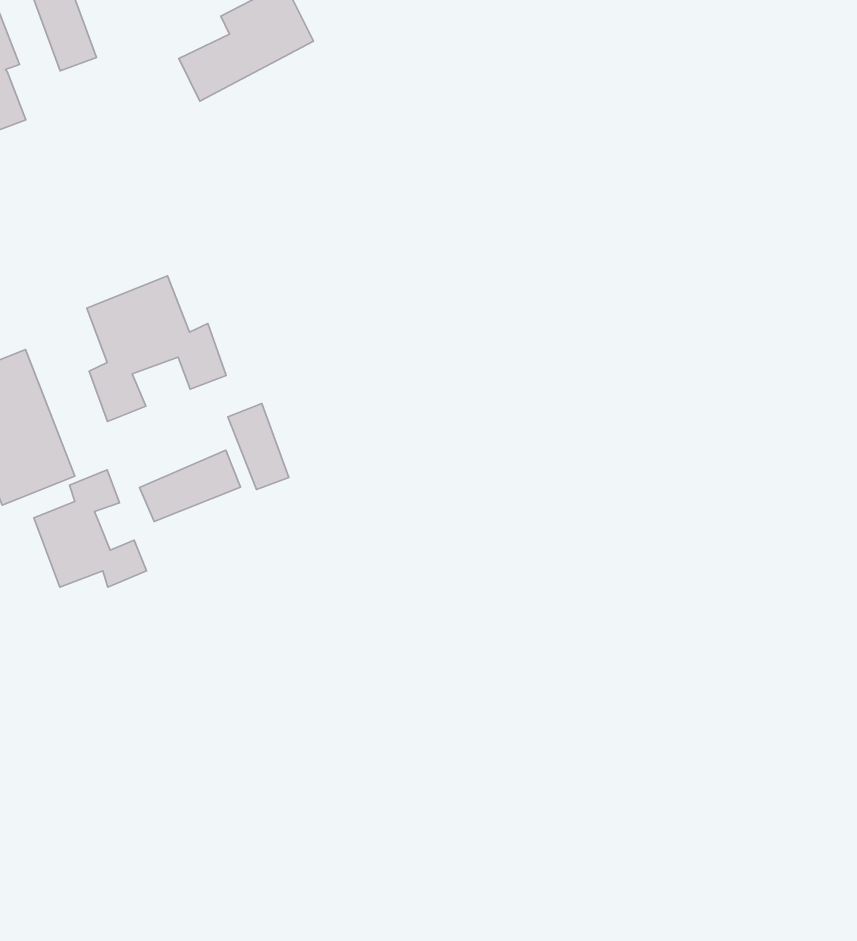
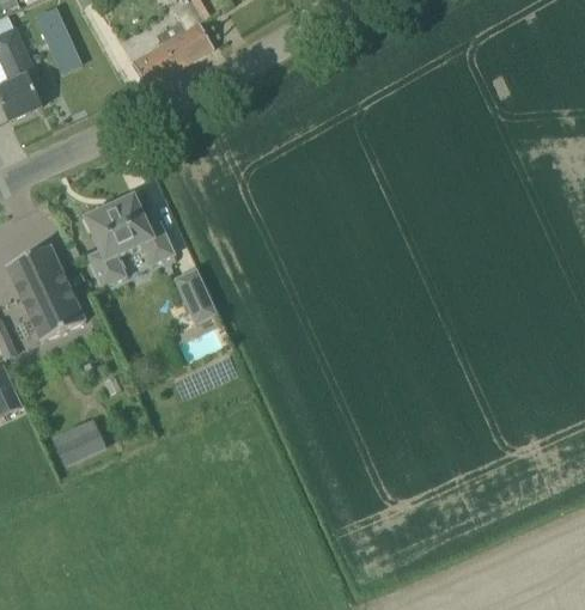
building: [139,450,241,522] -> none
building: [34,470,146,587] -> none
building: none -> [55,425,105,465]

